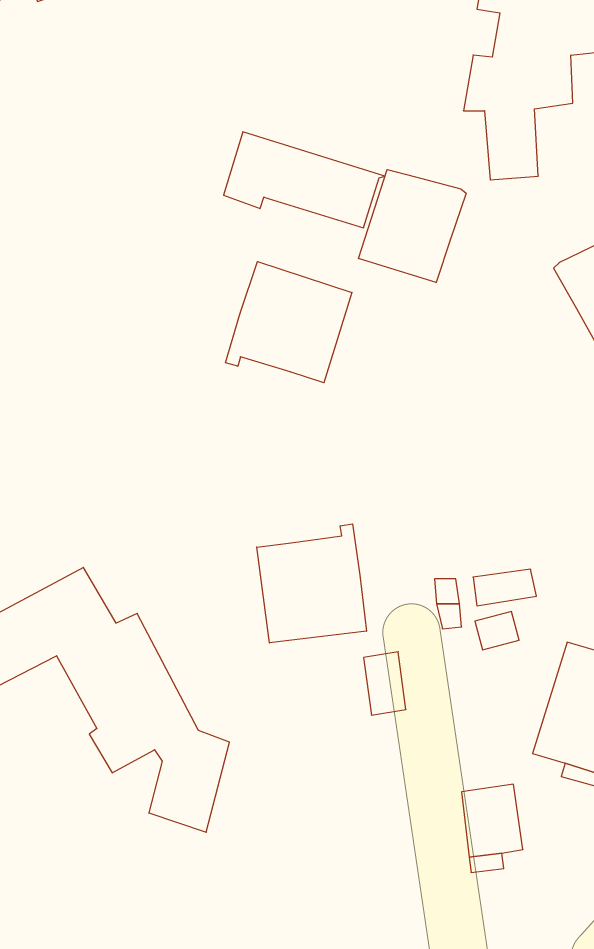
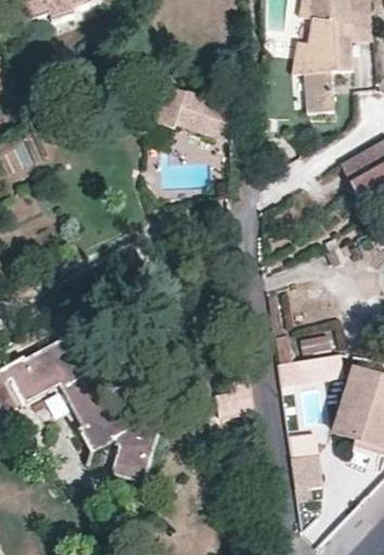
building: [359,170,466,283] -> none
building: [226,262,352,383] -> none
building: [257,524,366,643] -> none

